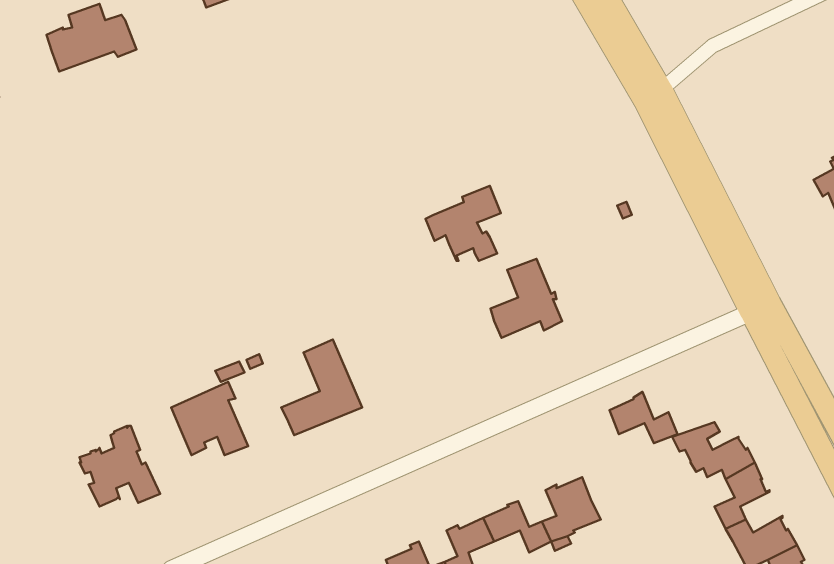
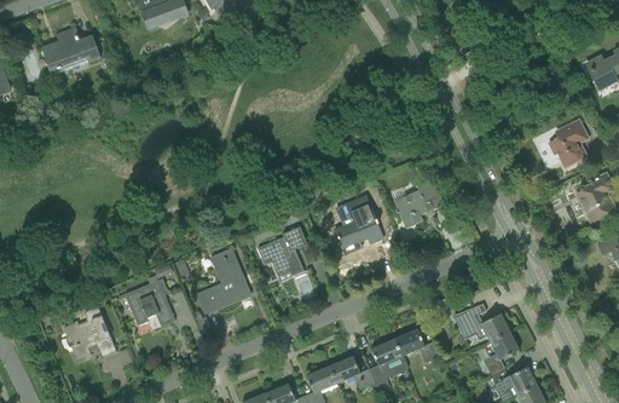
building: [425,186,501,261] -> [258,226,307,276]
building: none -> [394,177,444,228]
building: [610,392,678,443] -> [395,328,440,362]

